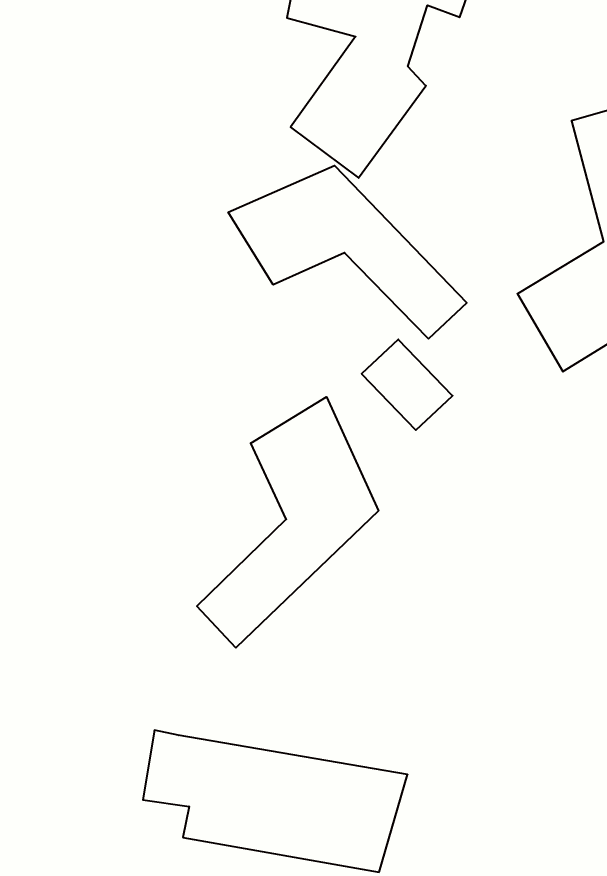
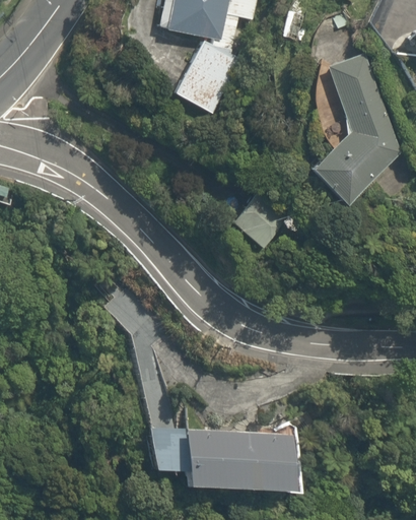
building: [228,166,467,339] -> none
building: [197,397,378,648] -> none

